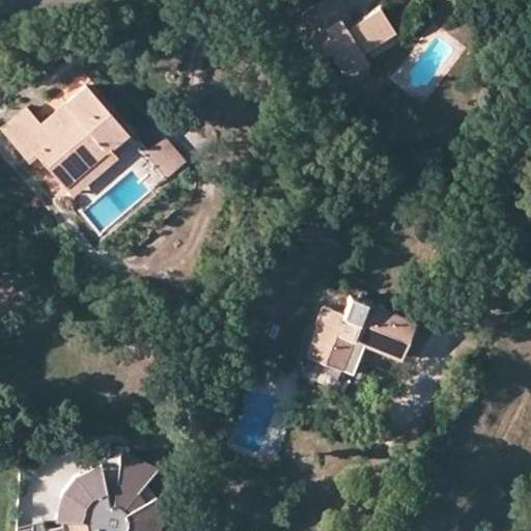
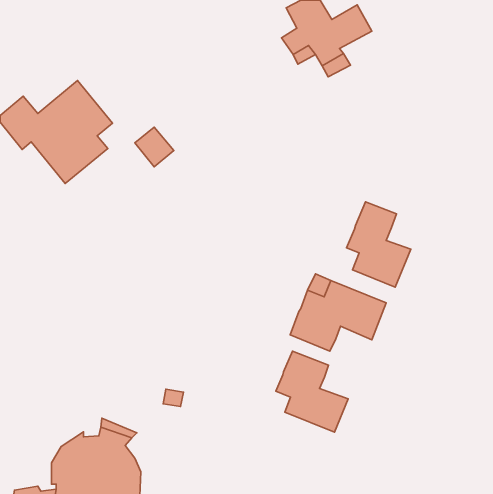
building: none -> [346,202,411,287]
building: none -> [276,351,348,432]

